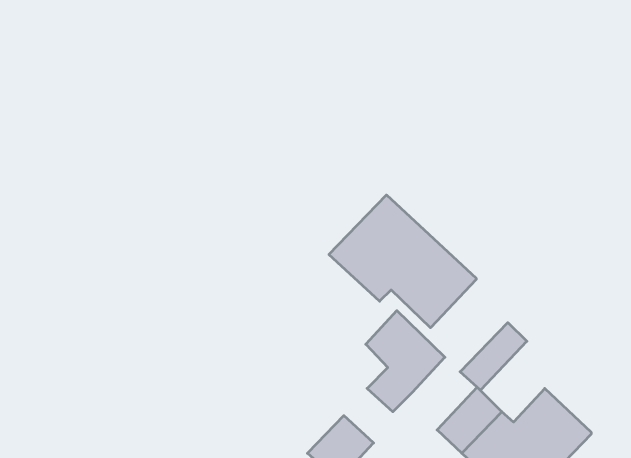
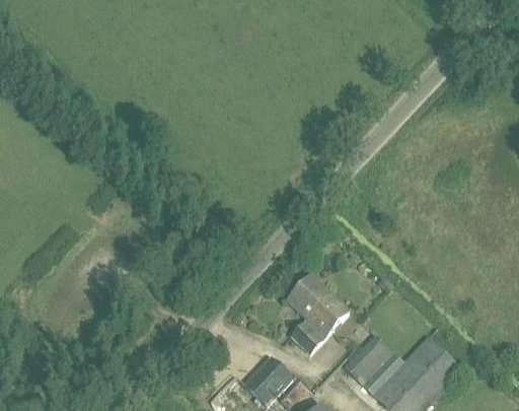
building: [329,195,476,328] -> none
building: [460,323,527,390] -> none

